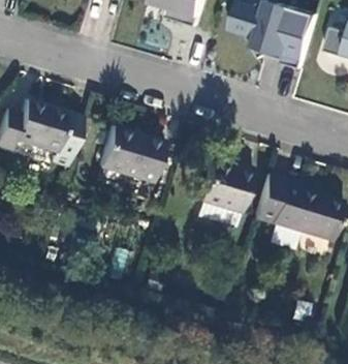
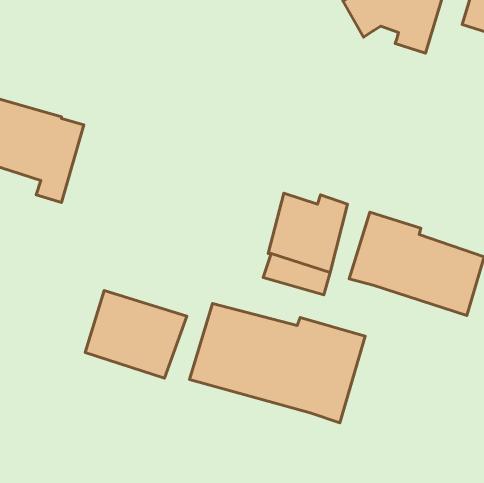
building: [94,125,160,182] -> [85,291,187,378]
building: none -> [190,304,365,423]

